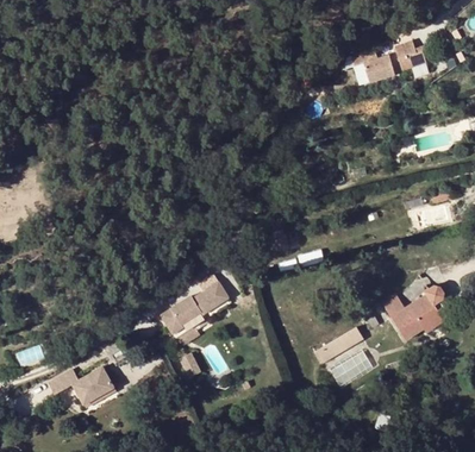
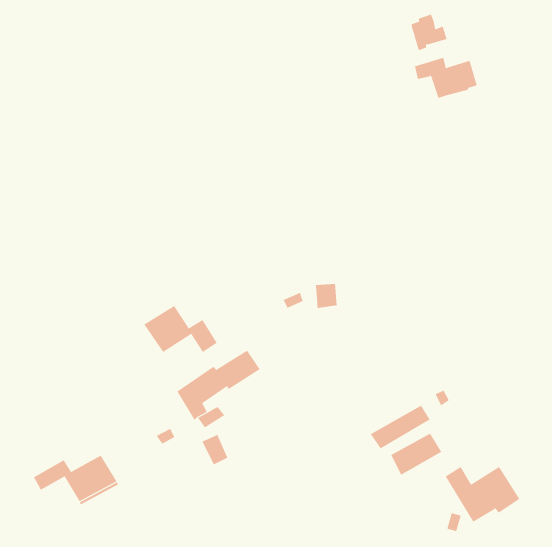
building: [396,40,426,70] -> [411,14,448,51]
building: none -> [144,305,217,353]
building: [383,294,444,339] -> [445,466,520,522]

